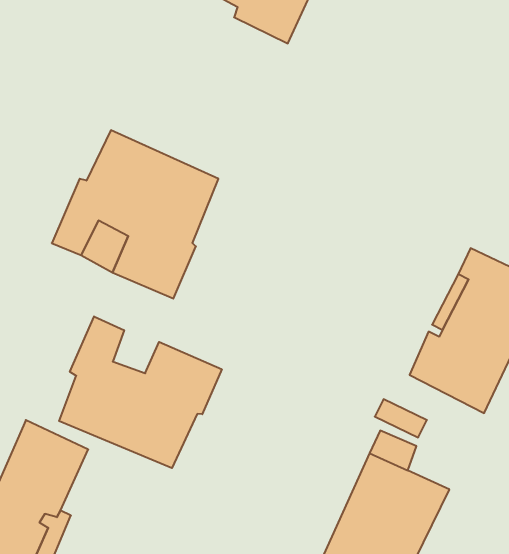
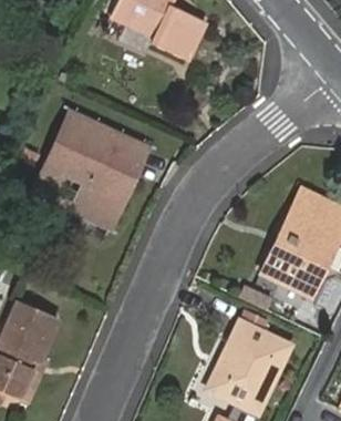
building: [59,316,222,468] -> none

